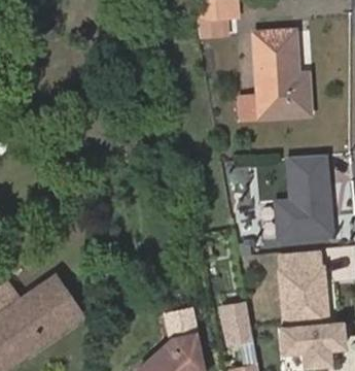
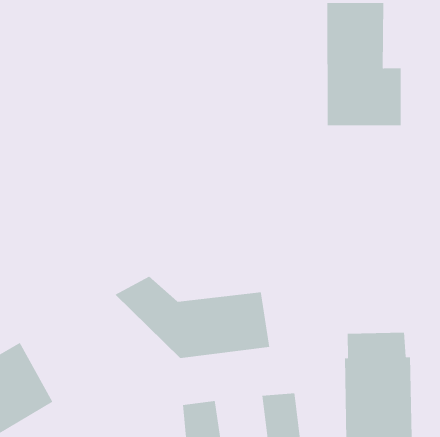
building: [272,157,326,238] -> none
building: none -> [115,276,270,359]

